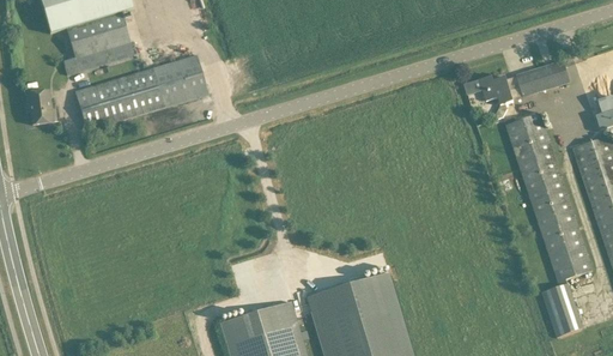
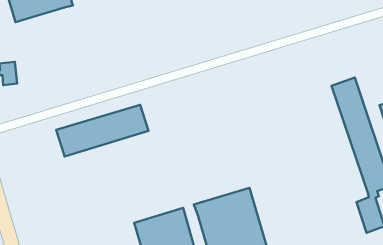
building: [62,11,133,74] -> none
building: [74,55,207,129] -> [56,105,148,156]
building: [479,61,570,119] -> none

